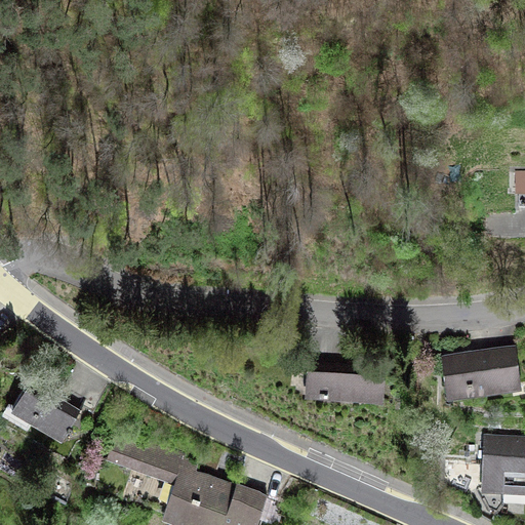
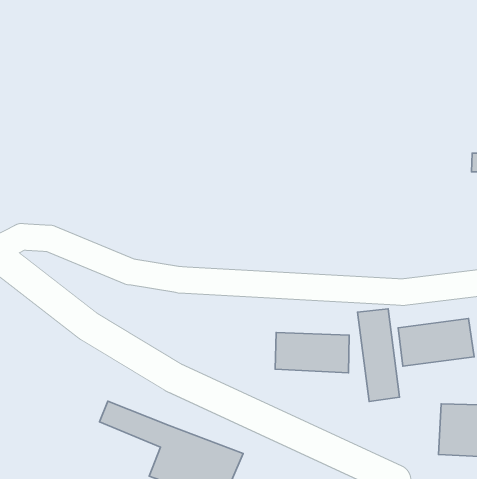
building: none -> [358,309,400,402]
building: [7,381,77,442] -> none

